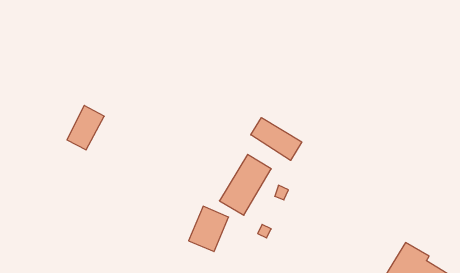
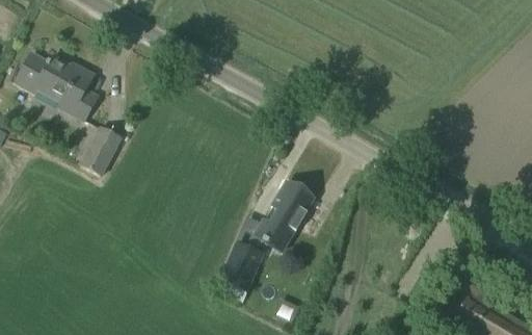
building: none -> [15,51,97,120]
building: [251,118,302,160] -> none

